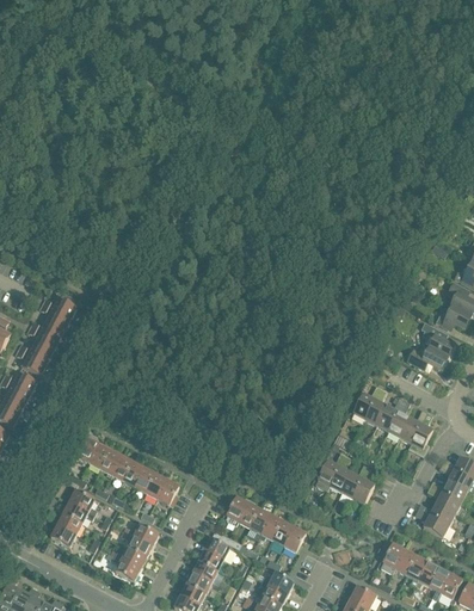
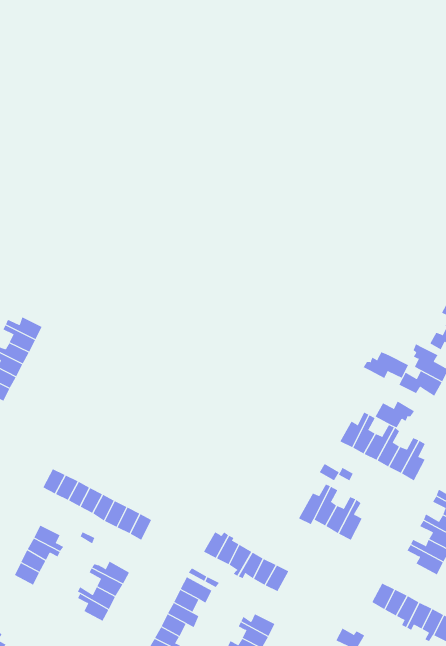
building: none -> [363,351,409,379]
building: none -> [375,401,415,428]

